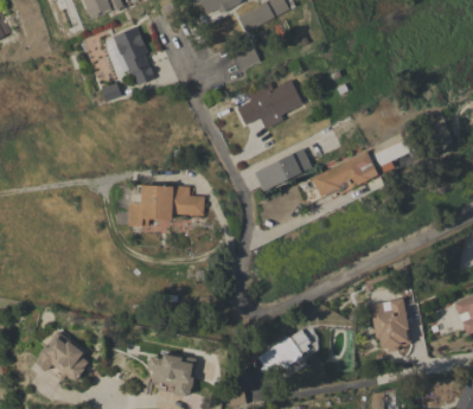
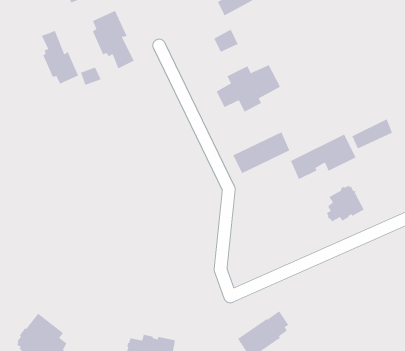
building: none -> [41,30,79,84]
building: [128,185,204,226] -> none
building: none -> [326,185,365,222]
building: [370,298,411,352] -> none

